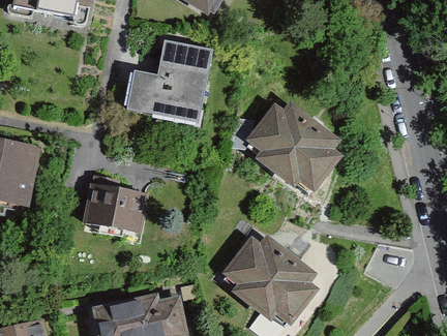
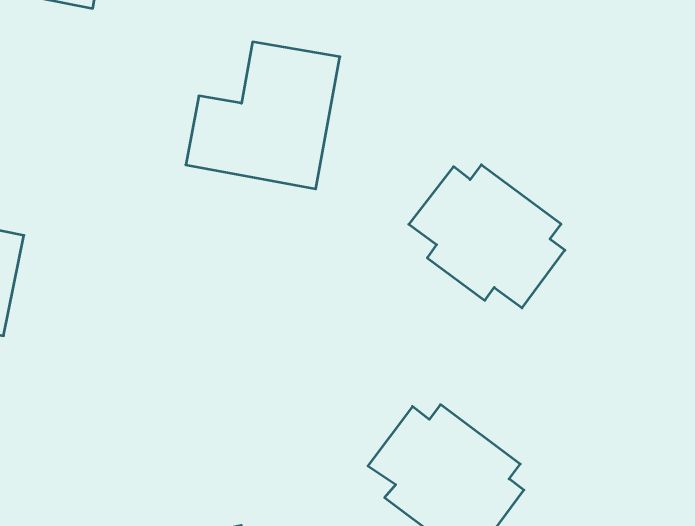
building: [84,189,145,235] -> none

